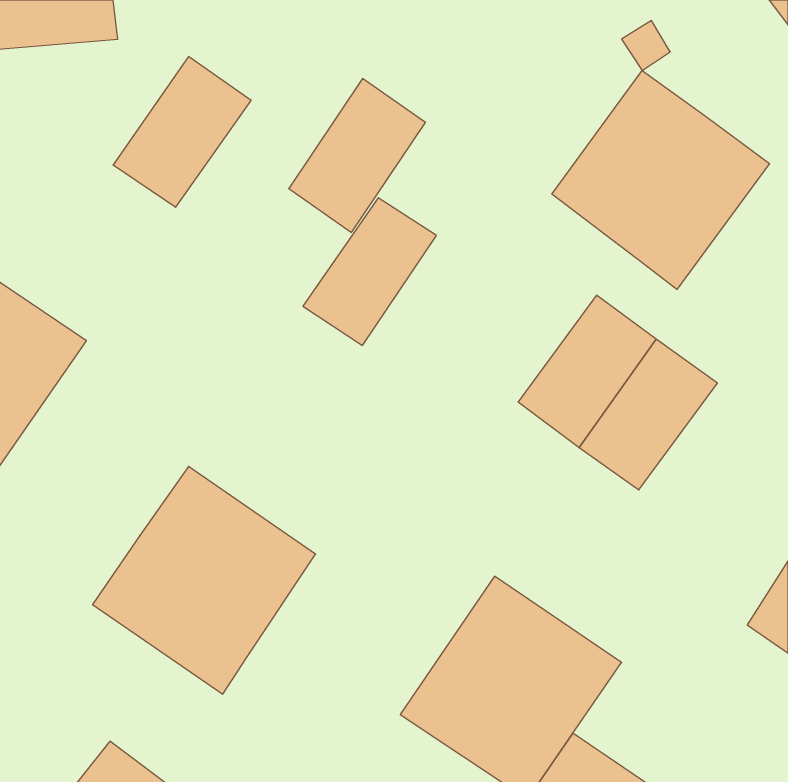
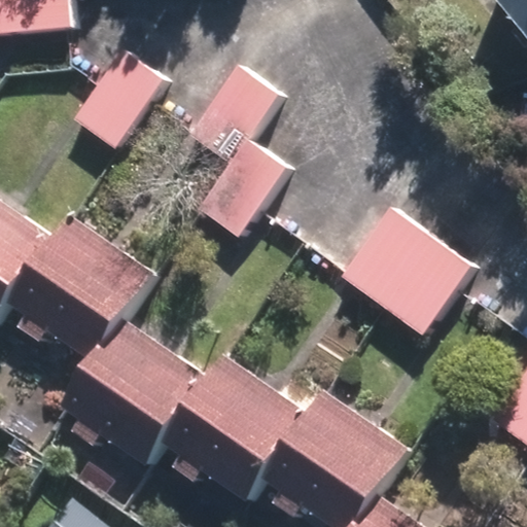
building: [552,71,770,289] -> none
building: none -> [8,217,153,364]
building: none -> [162,356,309,502]

